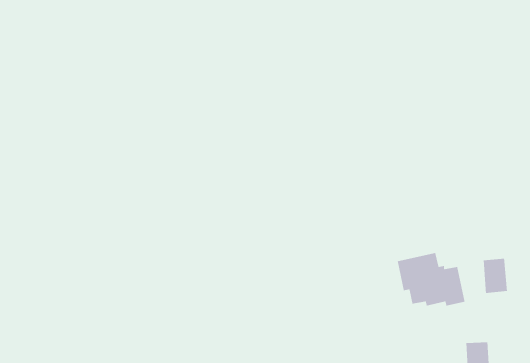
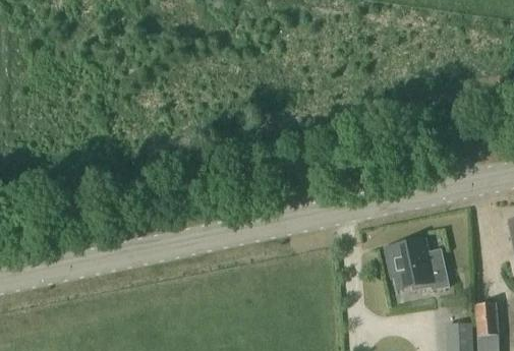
building: [483,258,508,294] -> [474,302,498,336]

